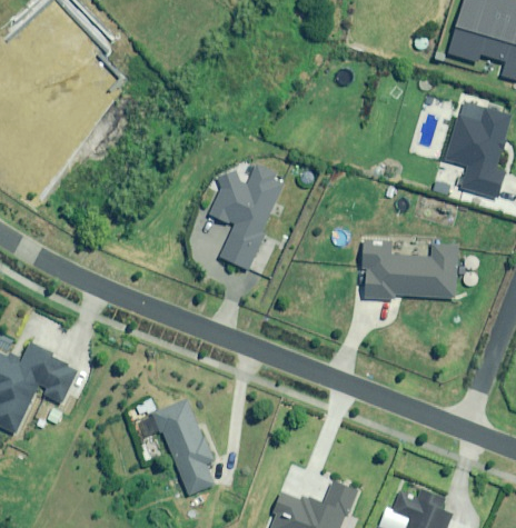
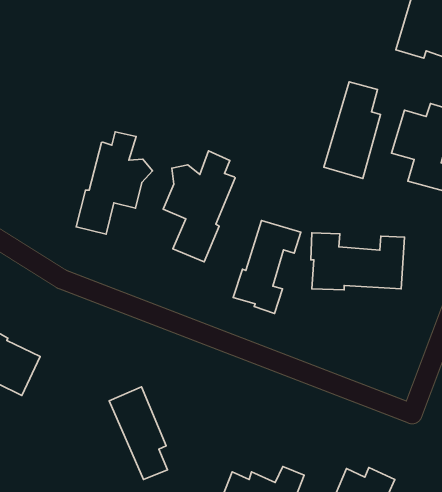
building: none -> [324,82,380,178]
building: none -> [76,132,153,234]
building: none -> [233,220,301,313]

